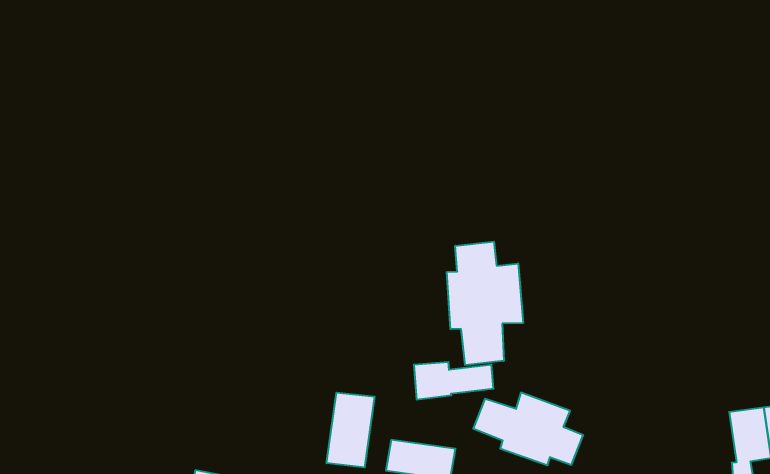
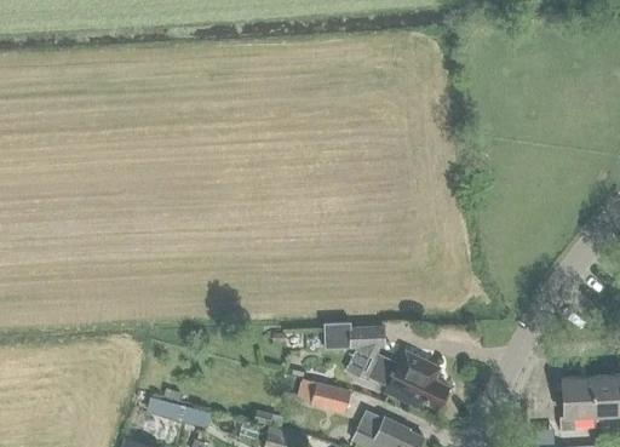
building: [447,242,523,365] -> none
building: [327,393,374,467] -> none

